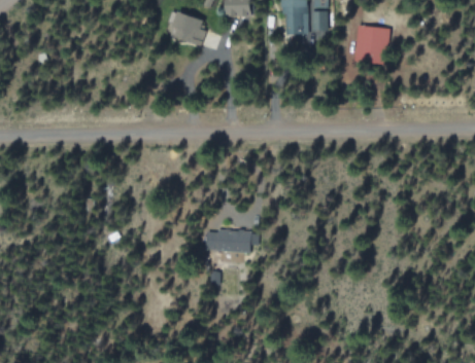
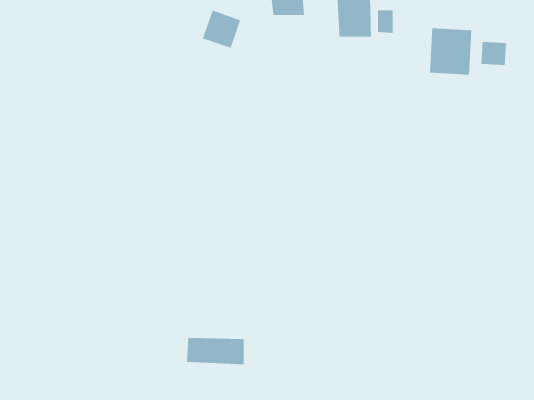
building: none -> [480,41,507,66]
building: [205,229,252,252] -> [186,337,245,365]

